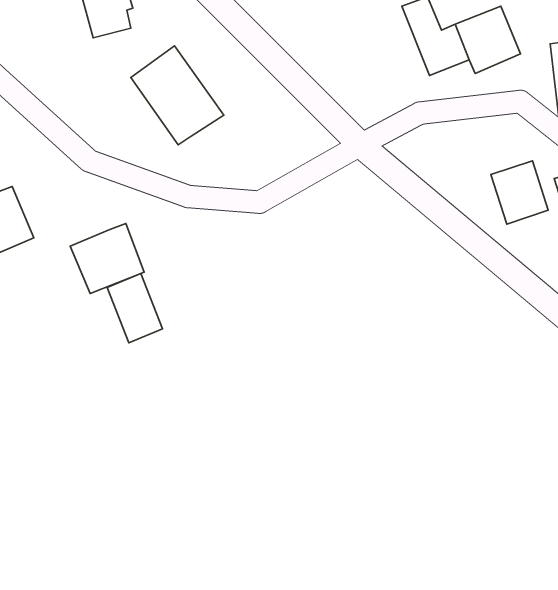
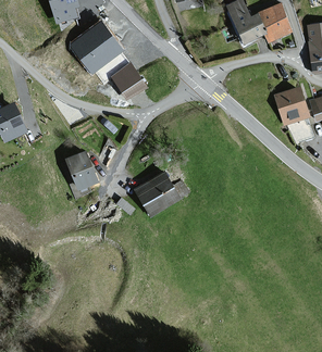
building: none -> [111,64,146,100]
building: [70,223,144,293] -> none
building: none -> [135,172,178,215]

